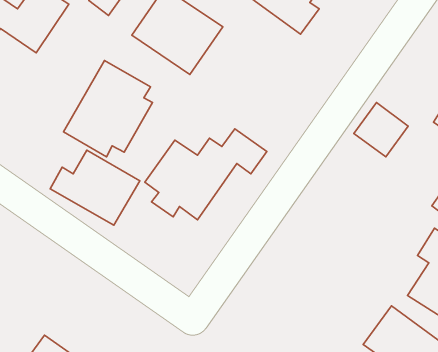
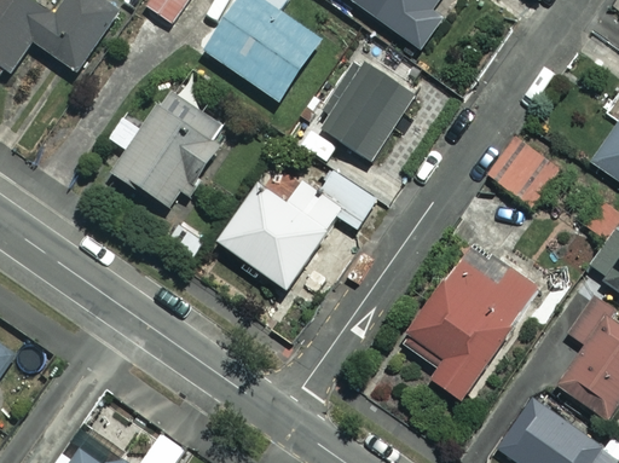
building: none -> [319,62,413,161]
building: [50,150,140,225] -> none
building: none -> [401,242,536,399]

